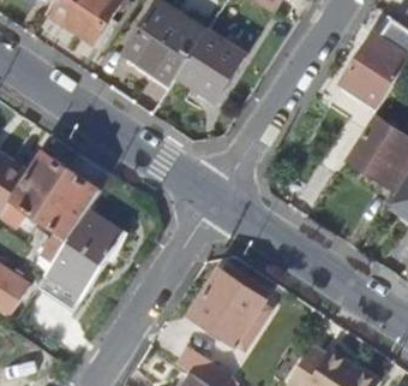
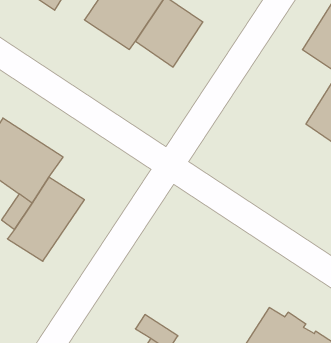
building: [188,272,263,348] -> none

